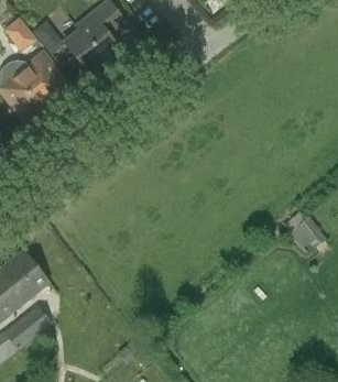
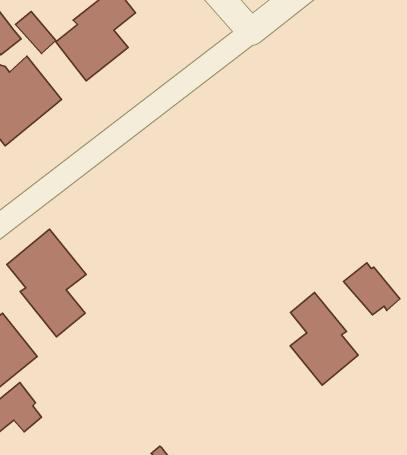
building: none -> [7,229,86,337]
building: none -> [290,292,358,385]

